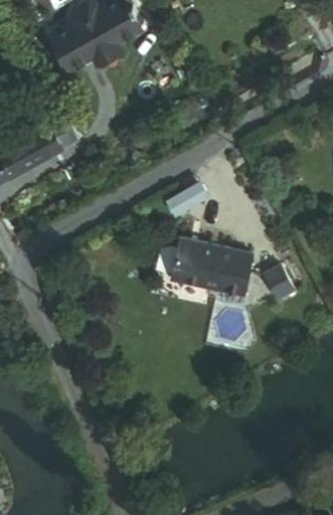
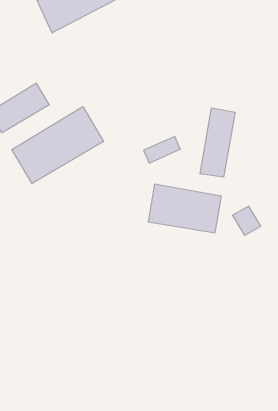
building: none -> [12,107,104,184]
building: none -> [200,108,235,177]

